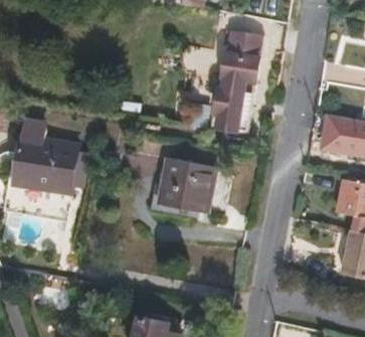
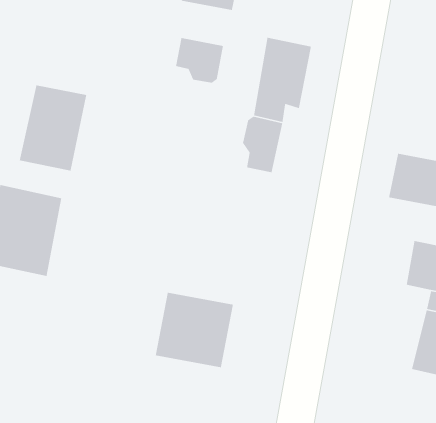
building: none -> [175,37,224,84]
building: none -> [19,85,87,171]
building: [161,155,219,211] -> [155,292,234,368]

